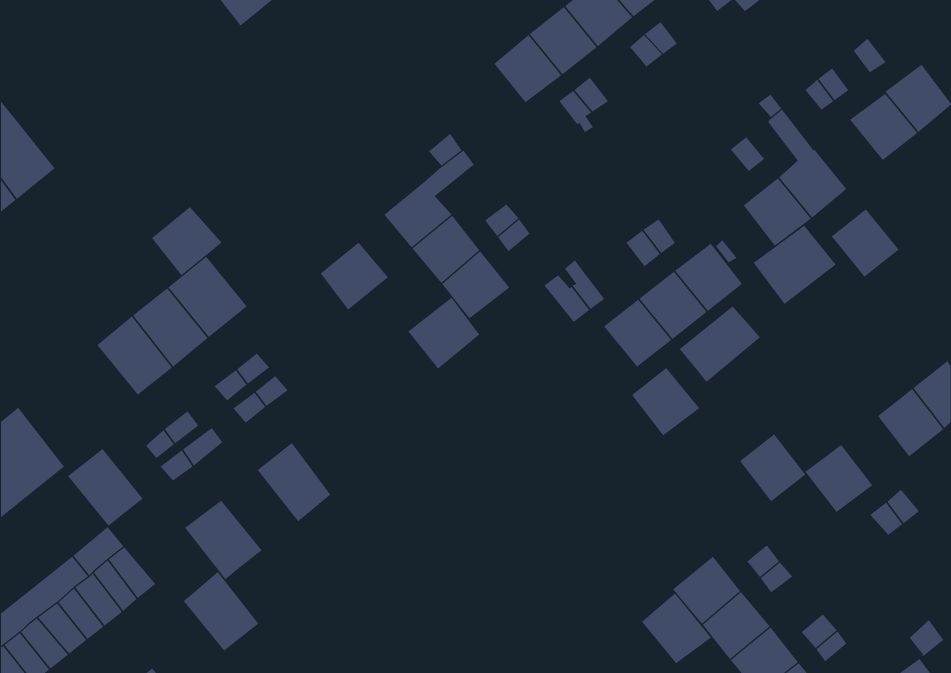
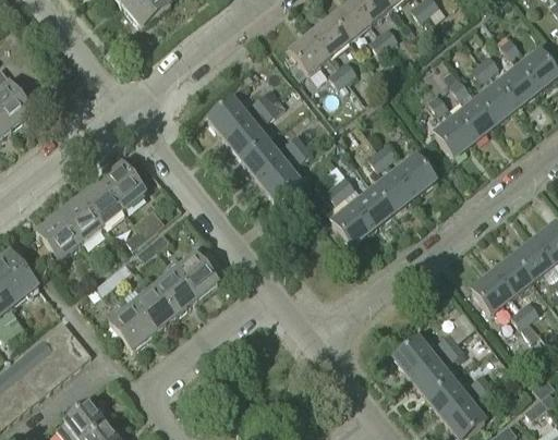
building: [151,206,222,276] -> none
building: [831,208,900,277] -> [476,82,517,122]
building: [753,225,836,305] -> none
building: [320,242,389,311] -> [208,97,248,137]
building: [408,297,480,369] -> none
building: [679,305,761,383] -> none
building: [631,367,700,436] -> [332,203,373,243]
building: none -> [167,252,218,301]
building: [739,433,806,502] -> [493,255,532,295]
building: [67,448,144,527] -> [36,213,81,259]
building: [183,571,259,651] -> [130,286,174,333]
building: [641,593,712,664] -> none

